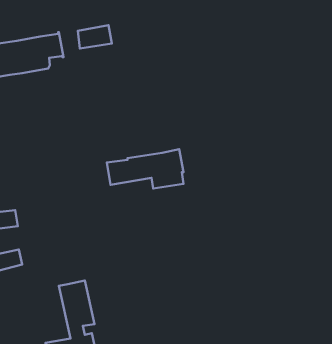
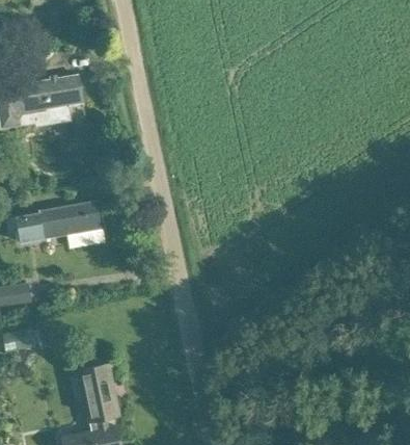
building: [78,25,112,48] -> none
building: [107,149,184,188] -> [16,200,105,245]

